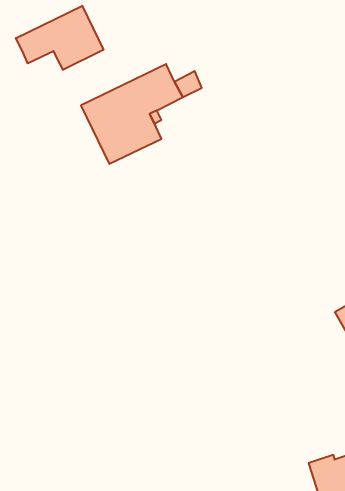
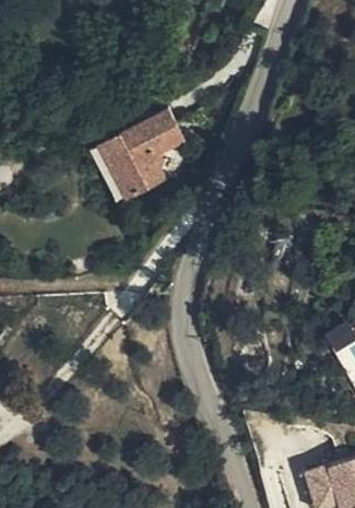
building: [16,6,103,70] -> none

